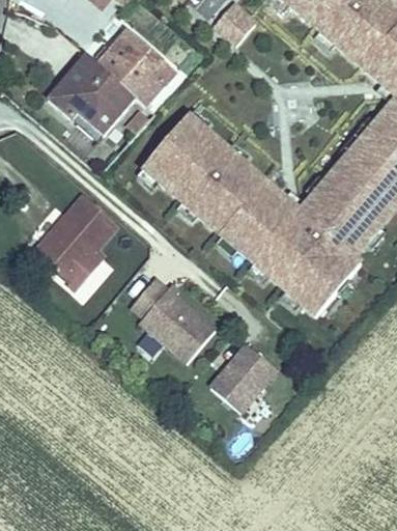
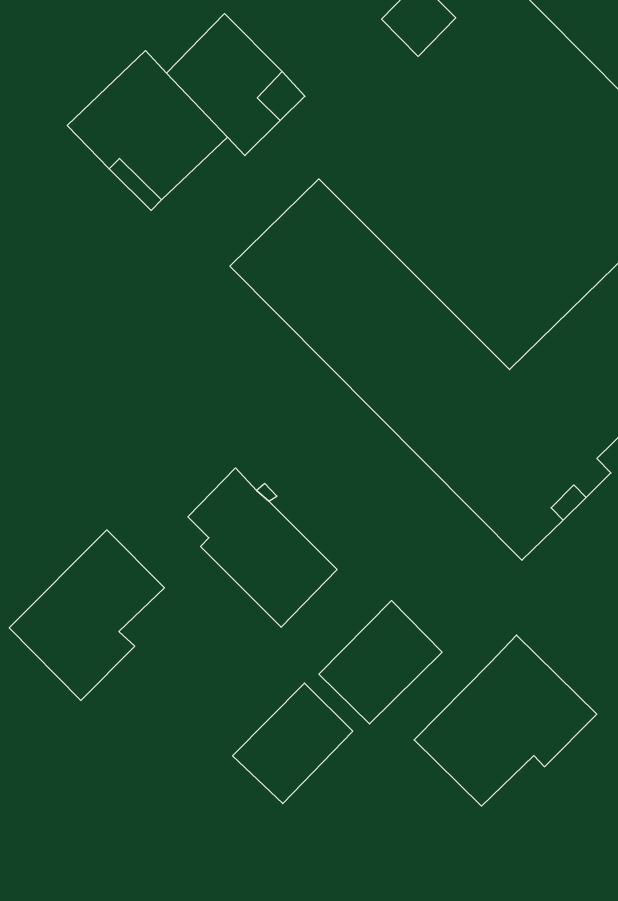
building: [34,193,117,287] -> [9,530,164,700]
building: none -> [414,635,597,806]
building: none -> [233,683,353,804]

